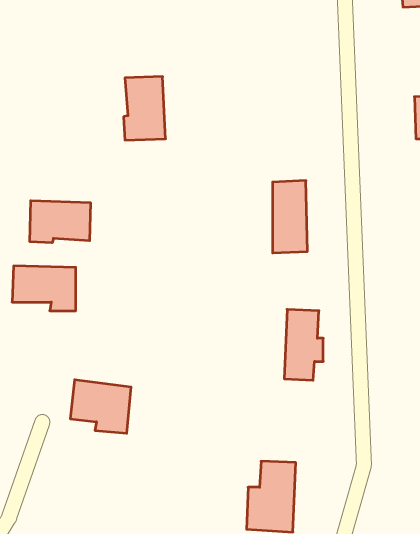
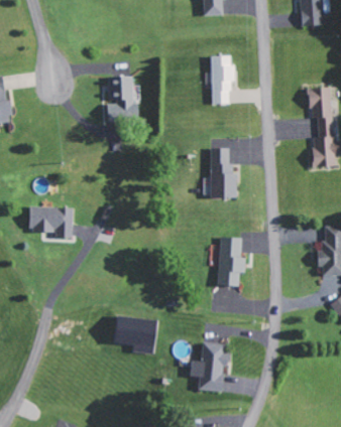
building: none -> [211,55,232,104]
building: [30,201,90,243] -> none
building: [70,380,131,433] -> [114,316,156,353]

